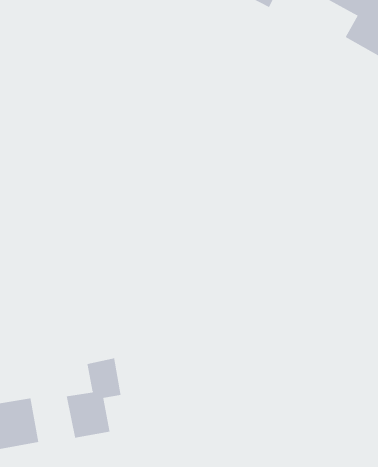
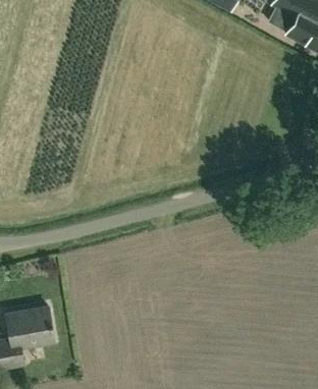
building: [66,358,121,438] -> none

